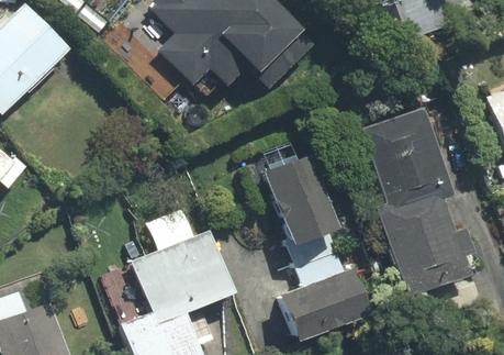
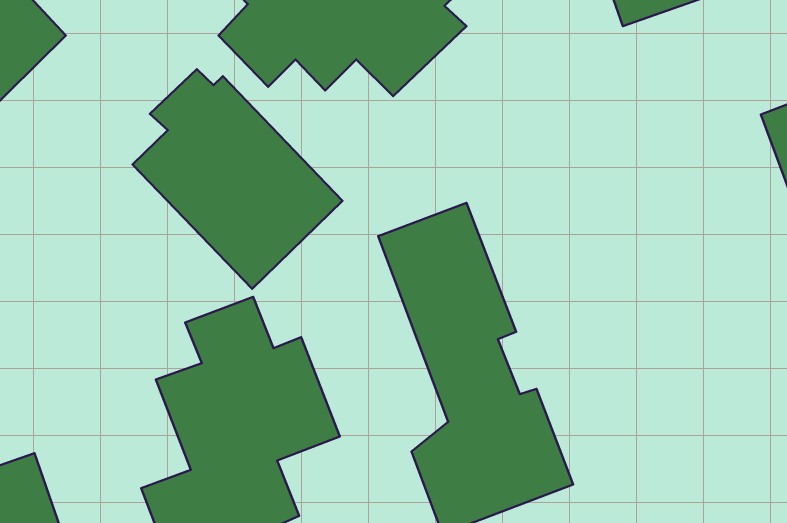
building: none -> [132,69,343,289]
building: [360,108,470,296] -> none

